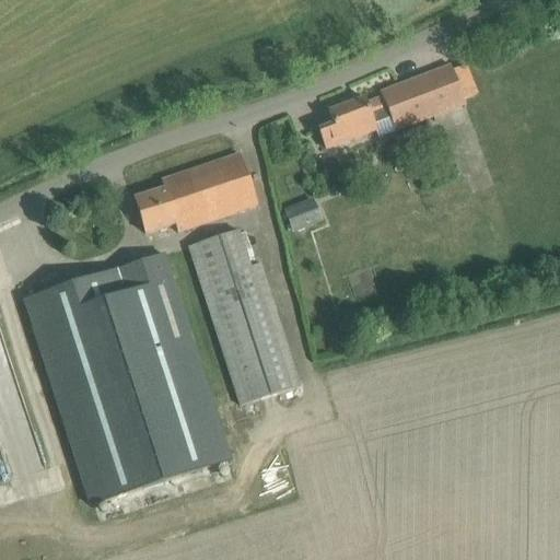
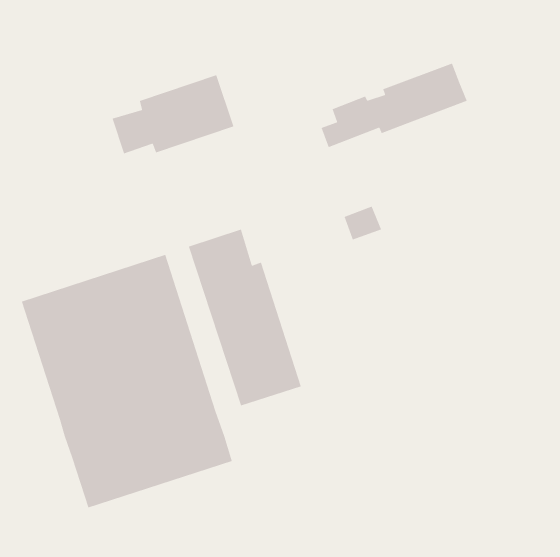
building: [136,151,258,231] -> [111,74,234,154]
building: [285,195,324,230] -> [344,206,382,241]

